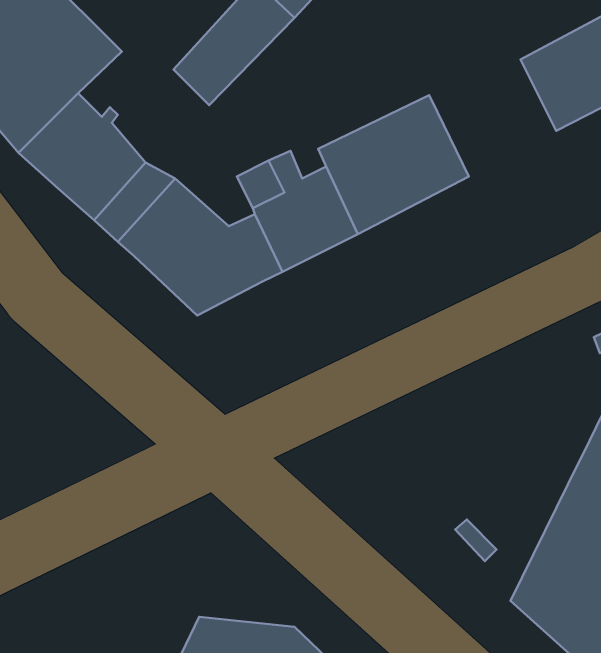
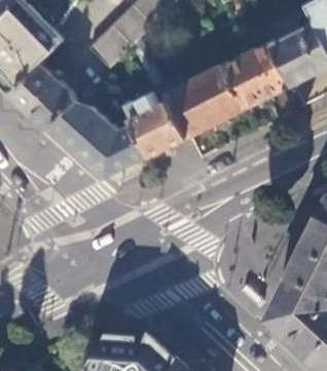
building: none -> [226,42,291,106]

